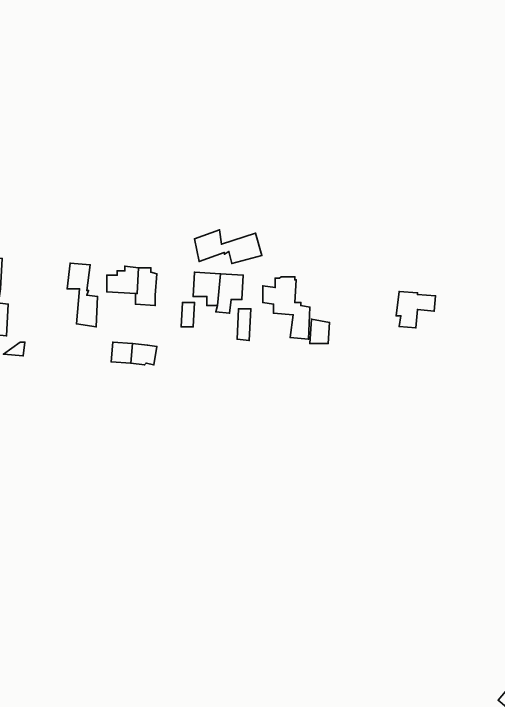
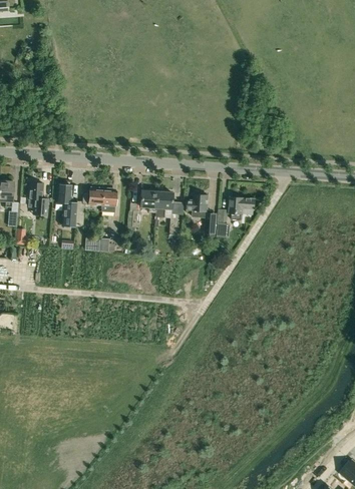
building: [194,230,262,264] -> none
building: none -> [28,180,47,214]
building: [396,291,436,328] -> [229,195,255,219]

